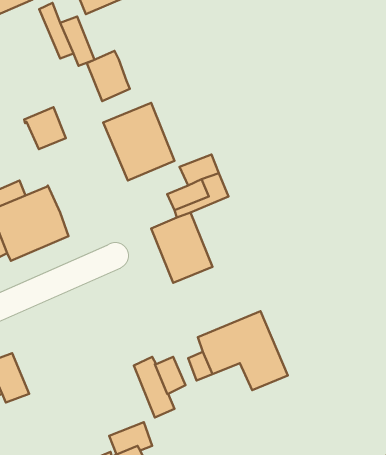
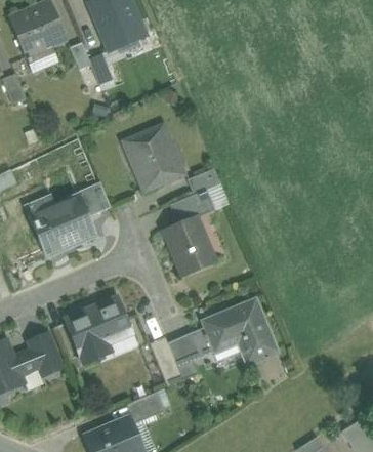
building: [87,51,130,101] -> none
building: [24,107,66,149] -> [76,181,111,216]
building: none -> [65,296,133,364]

